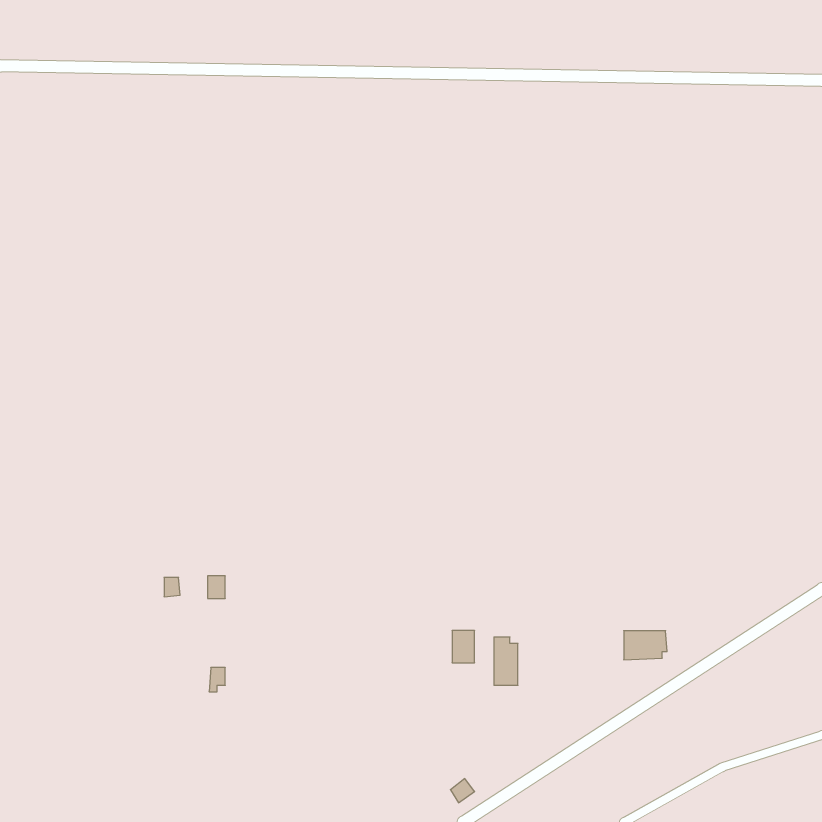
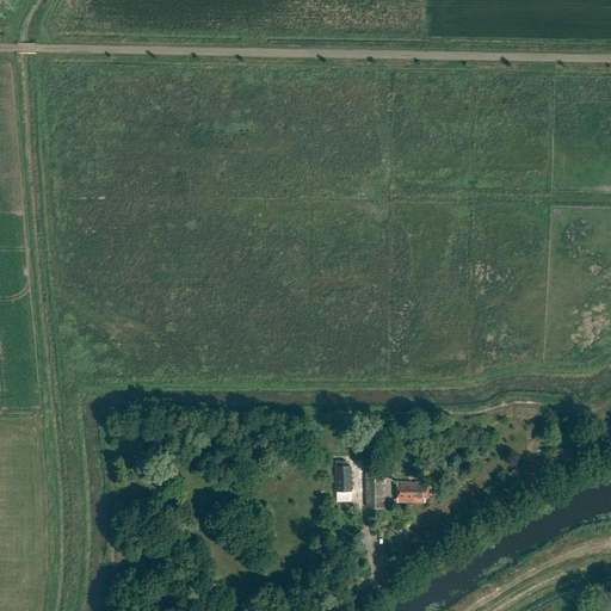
building: [624,631,667,660] -> [397,482,430,504]

